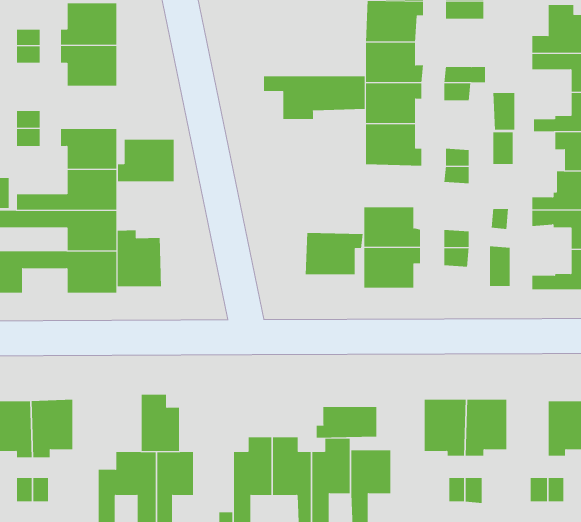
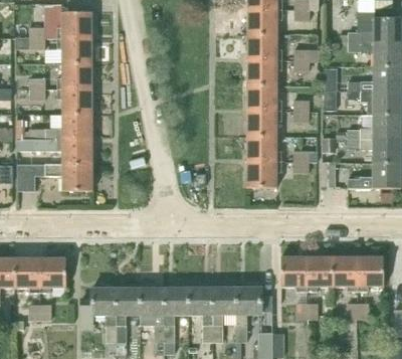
building: [264,75,365,120] -> none
building: [117,139,174,182] -> [57,62,92,88]
building: [117,230,162,287] -> none
building: [305,232,364,275] -> [244,111,280,137]
building: [141,394,180,451] -> [140,280,164,315]
building: none -> [333,255,358,291]
building: [316,406,377,438] -> none

